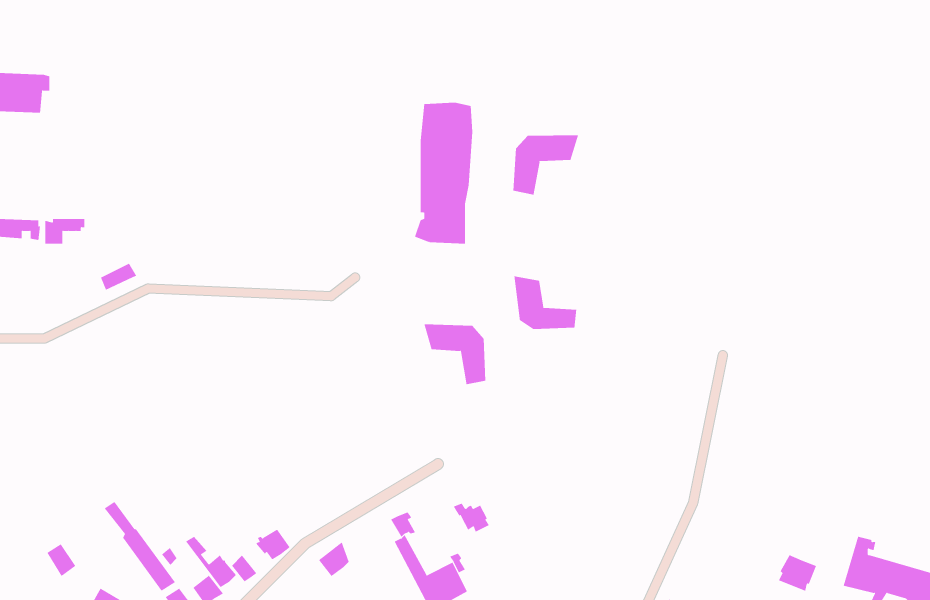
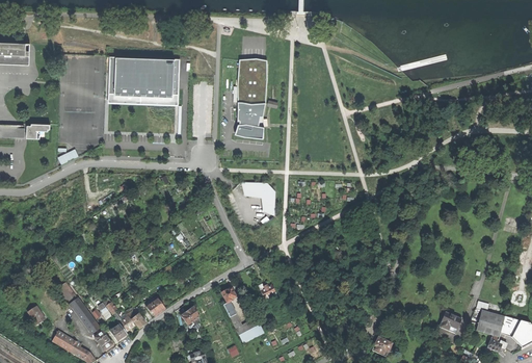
building: none -> [108,56,181,106]
building: [513,135,579,195] -> none
building: [514,276,577,330] -> none

